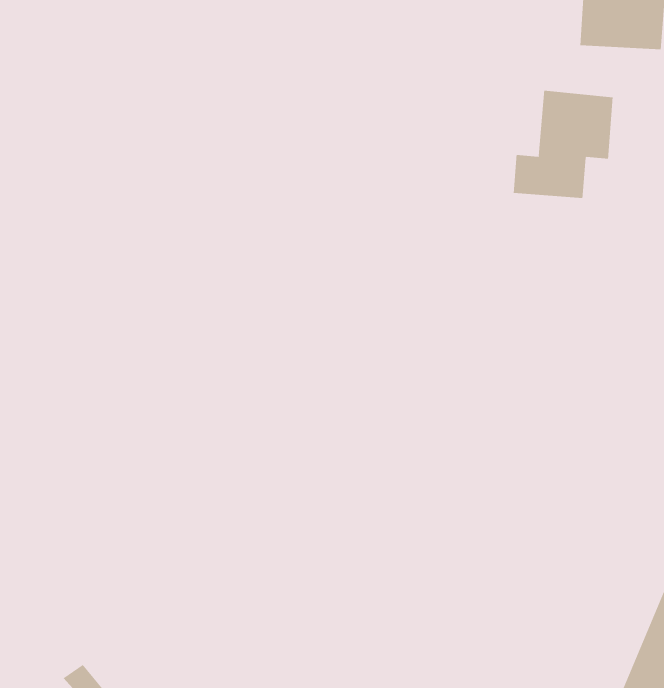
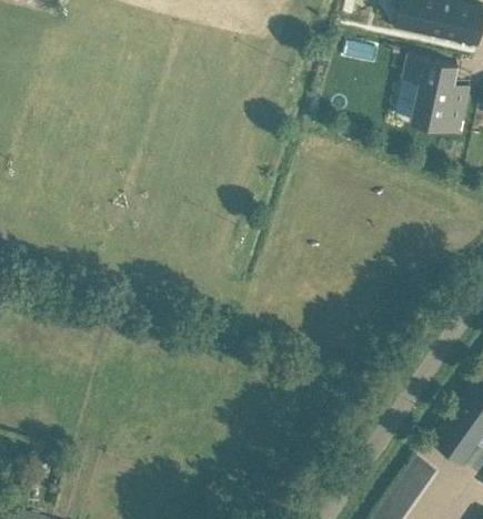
building: [513,90,613,199] -> none

